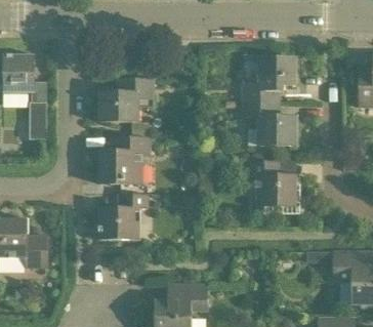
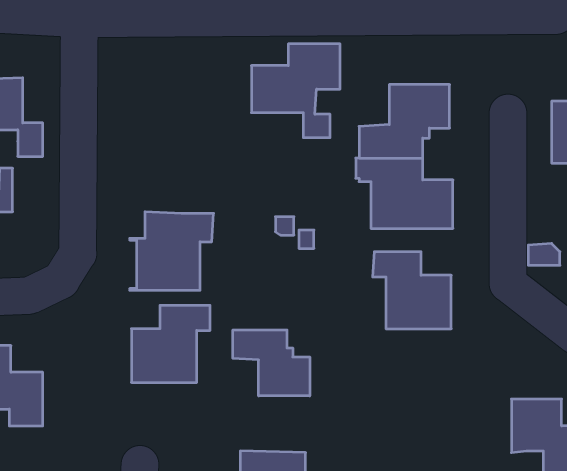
building: [99,79,154,136] -> [251,44,340,138]
building: [30,101,46,138] -> none
building: none -> [233,330,310,396]

